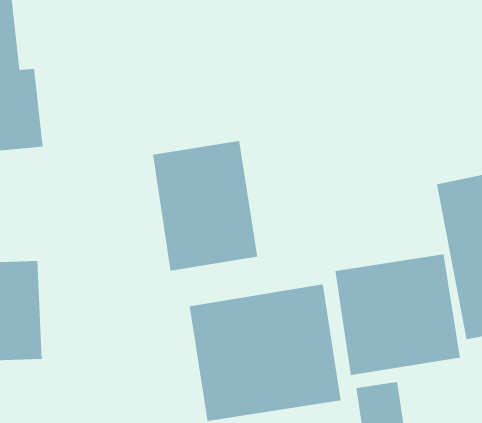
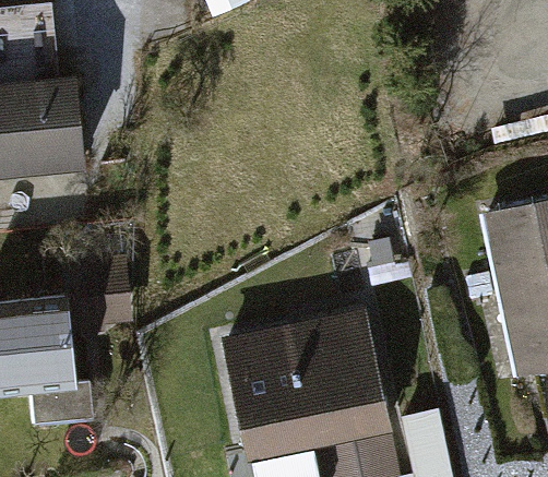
building: [153,140,258,271] -> none
building: [335,253,460,376] -> none

